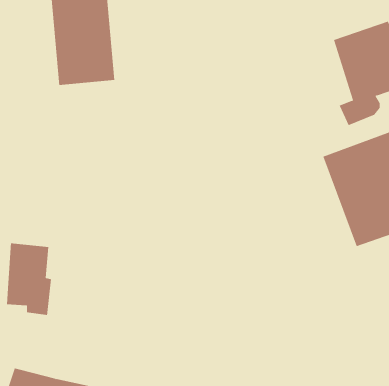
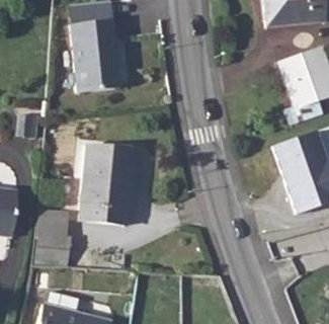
building: none -> [79,146,134,225]

